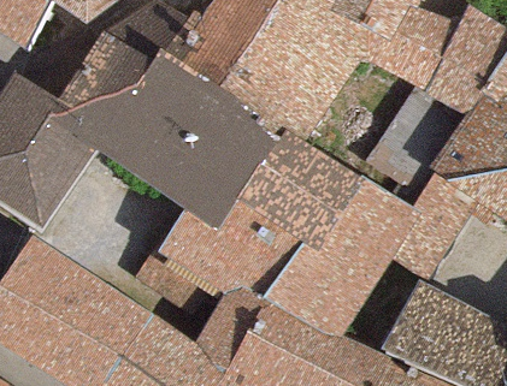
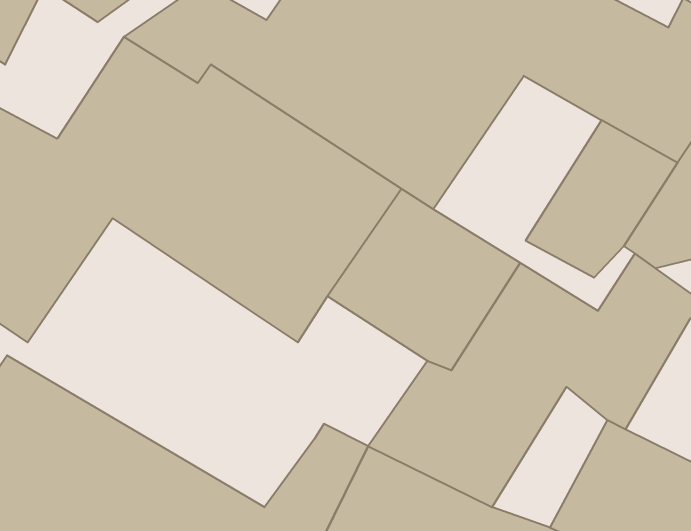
building: [157,201,301,298] -> none

